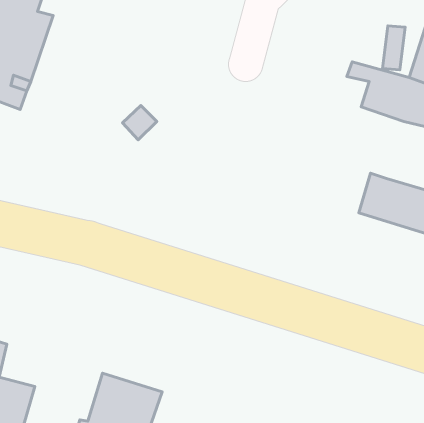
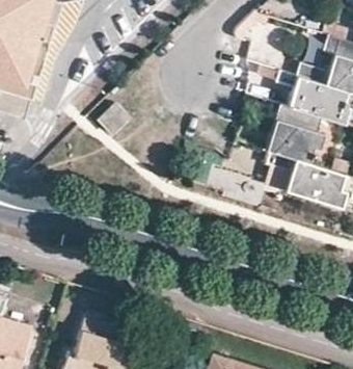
building: none -> [267,104,324,163]

